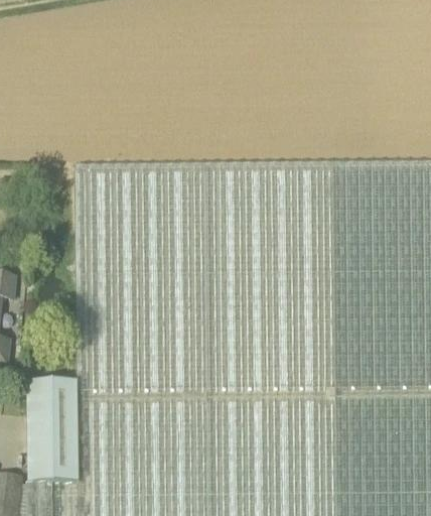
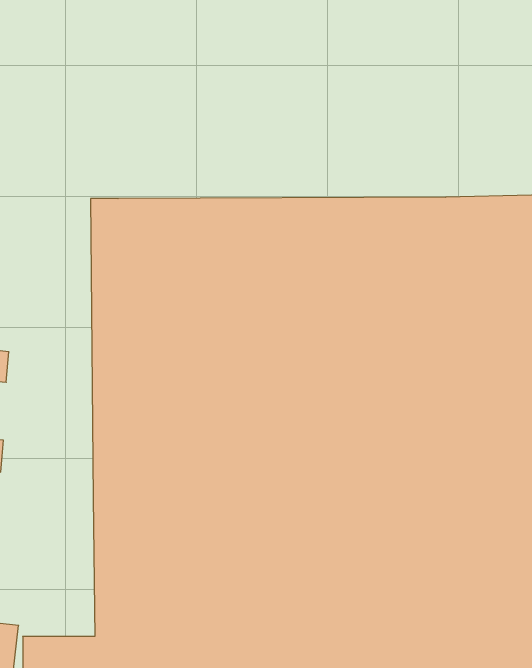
building: [26,381,80,482] -> none

